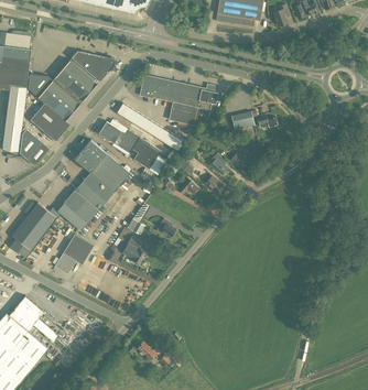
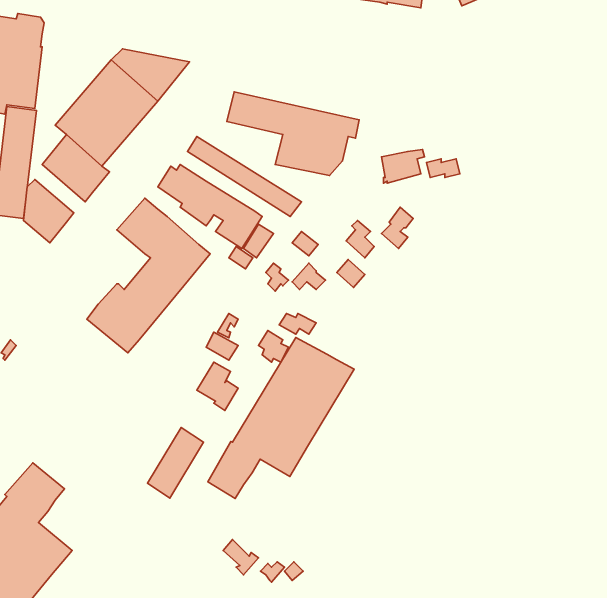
building: [10,202,55,256] -> none
building: none -> [208,337,354,499]
building: [54,232,87,274] -> [148,427,204,498]

